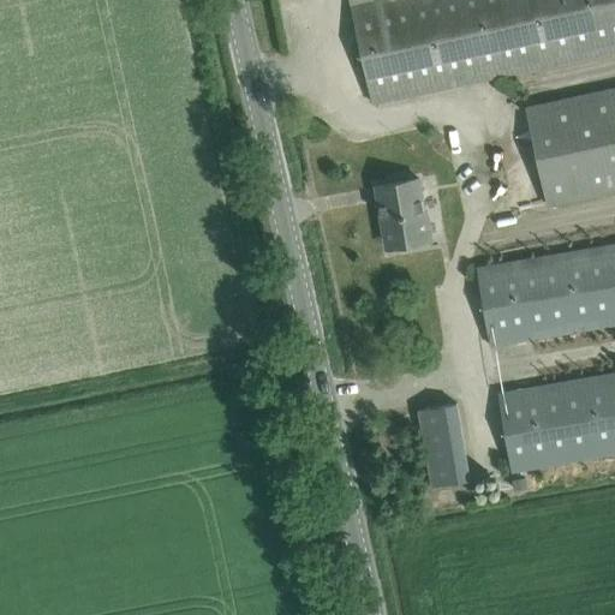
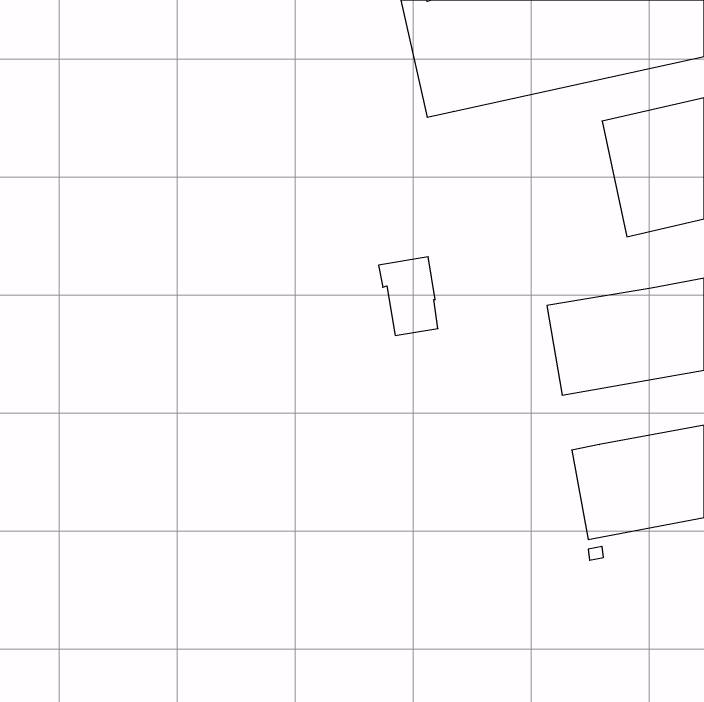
building: [376,179,428,247] -> [379,257,438,335]
building: [419,404,470,486] -> none

